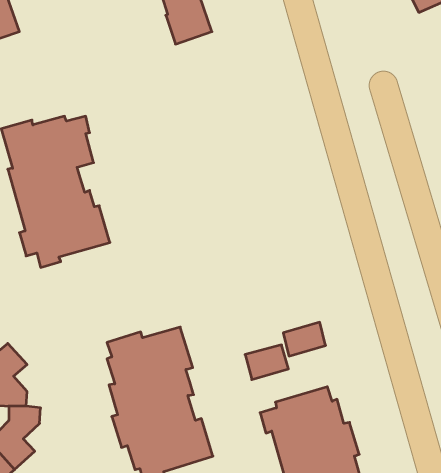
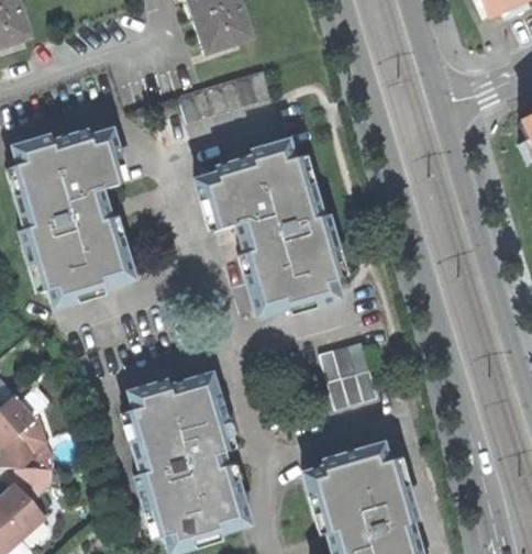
building: none -> [180,68,275,120]
building: none -> [196,143,339,315]
building: [245,345,288,380] -> [321,340,370,379]

